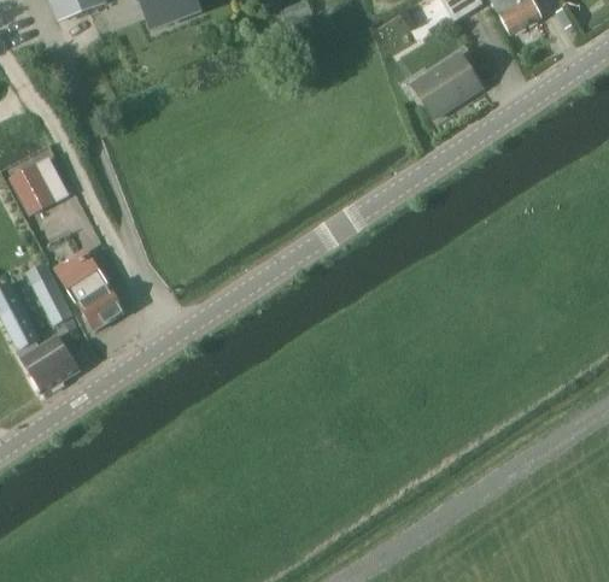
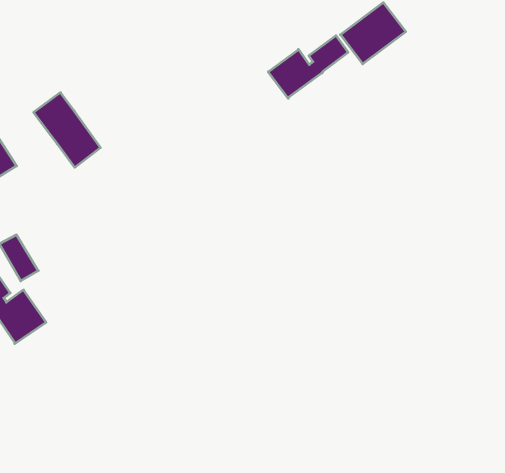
building: none -> [268,36,348,98]
building: [54,248,123,329] -> [34,93,100,167]

